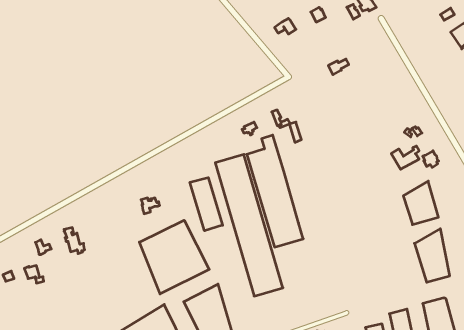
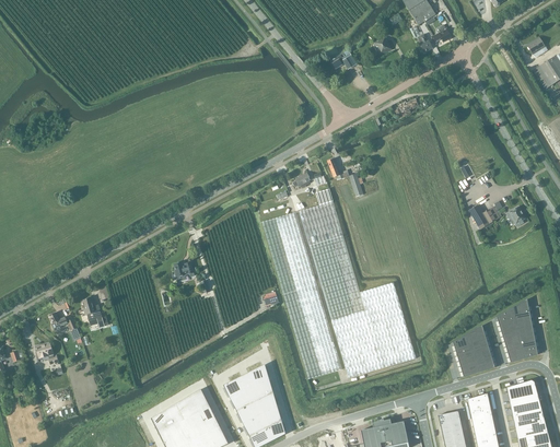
building: [190,178,223,231] -> none
building: [403,181,438,225] -> [453,325,494,376]
building: none -> [331,282,416,377]
building: [139,220,209,294] -> none

